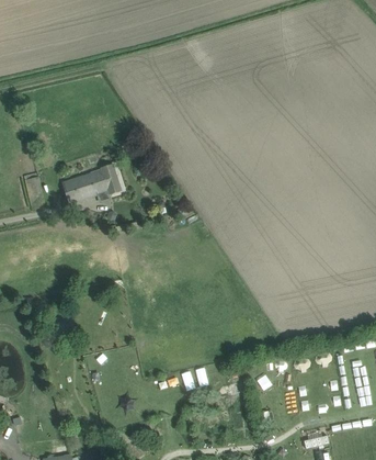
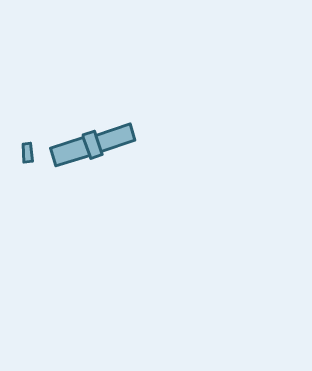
building: none -> [96,124,135,151]

